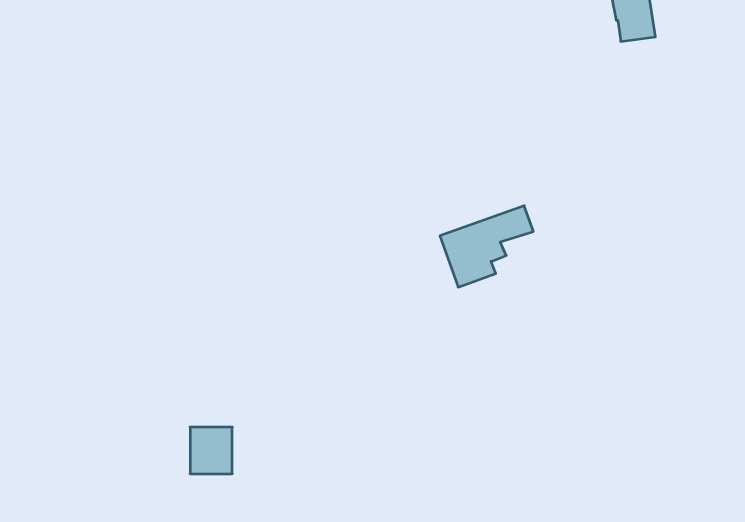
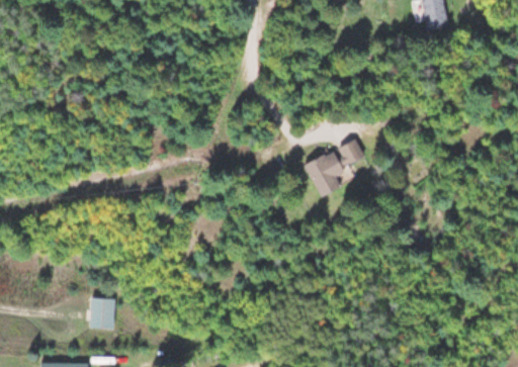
building: [190,427,232,474] -> [88,296,116,328]

